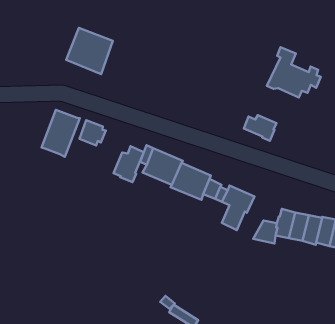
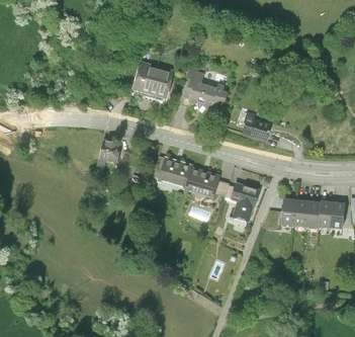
building: [66,28,113,74] -> [132,62,172,100]
building: [267,47,321,97] -> [181,68,228,110]
building: [42,110,80,157] -> none
building: [113,146,144,182] -> none

